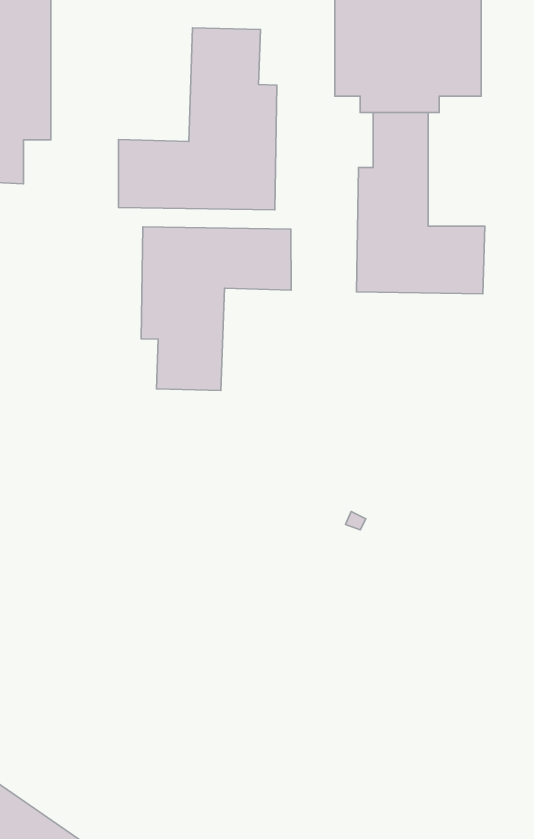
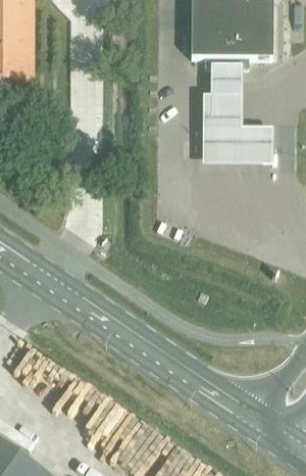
building: [119,28,277,210] -> none
building: [141,227,291,390] -> none

